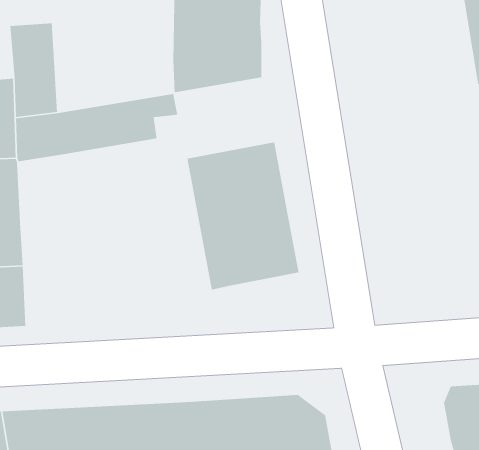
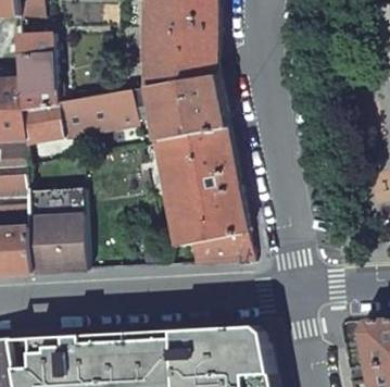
building: none -> [146,77,225,140]
building: none -> [25,188,85,273]
building: none -> [189,230,251,264]

